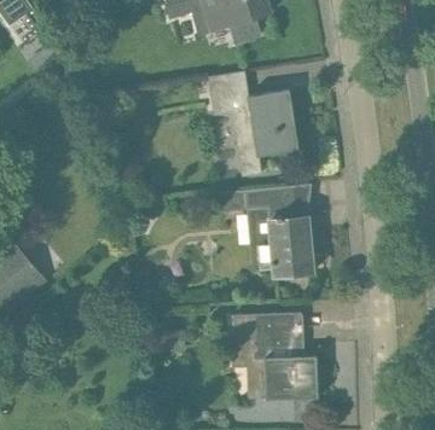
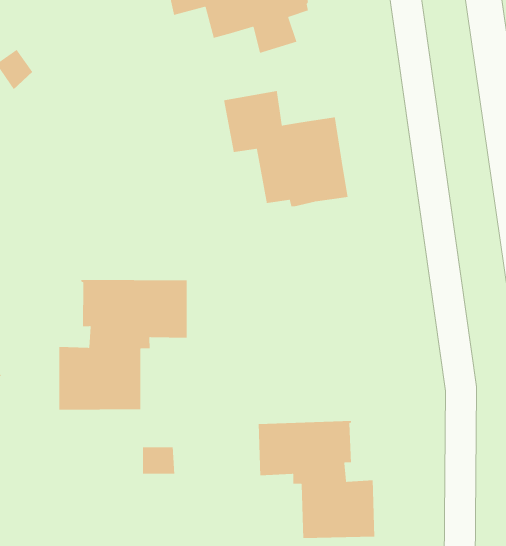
building: [244,185,312,275] -> none
building: none -> [58,279,188,410]

